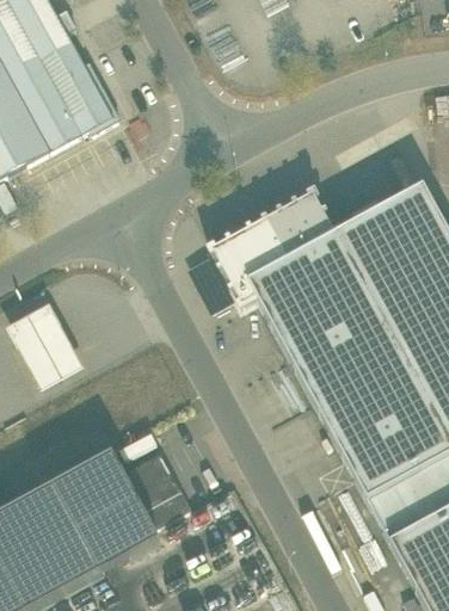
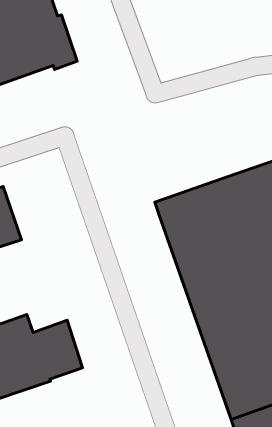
building: [211,195,336,307] -> none

